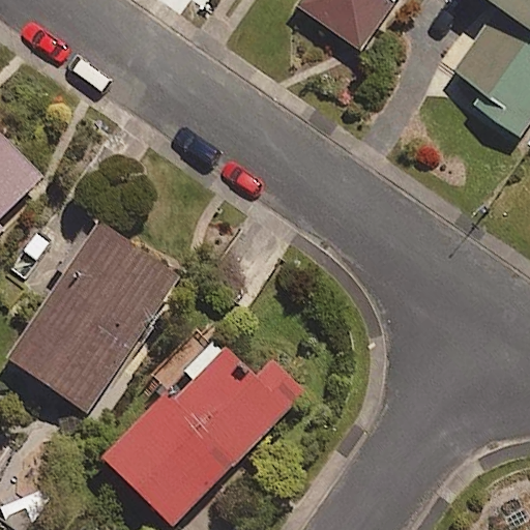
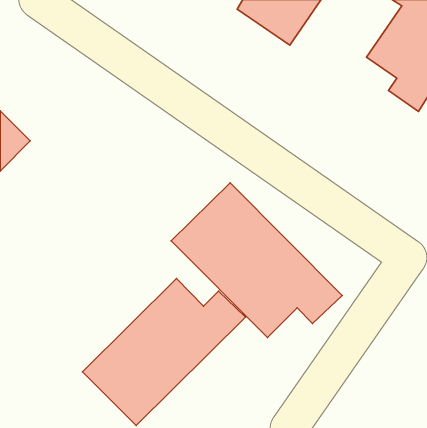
building: [7,224,177,411] -> none
building: none -> [171,183,342,338]

